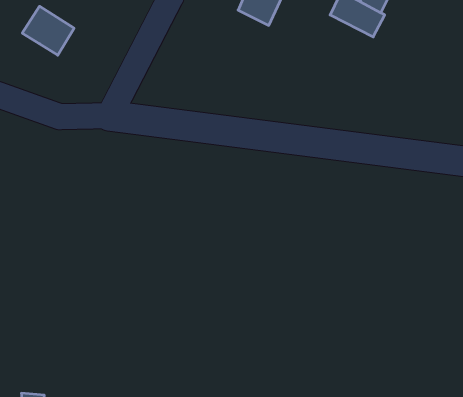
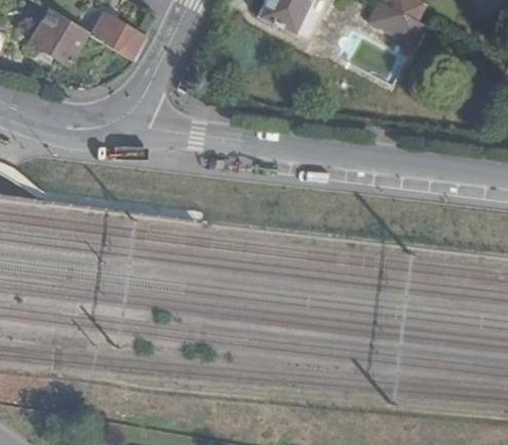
building: none -> [93,14,149,62]

